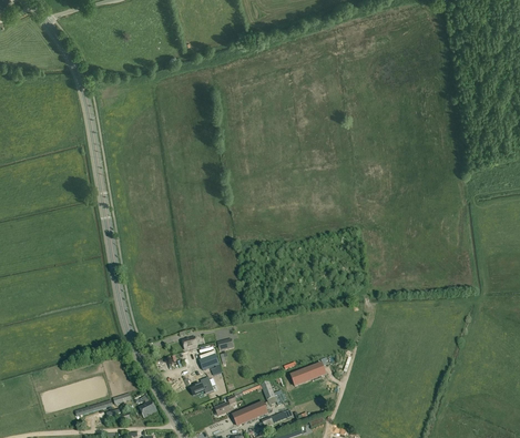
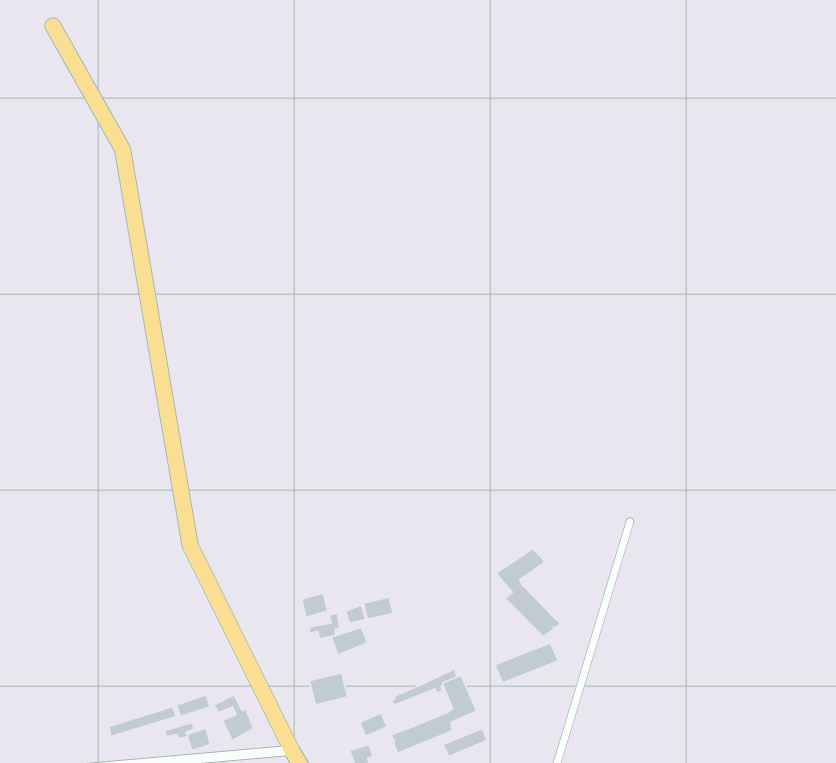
building: none -> [496,549,561,636]

